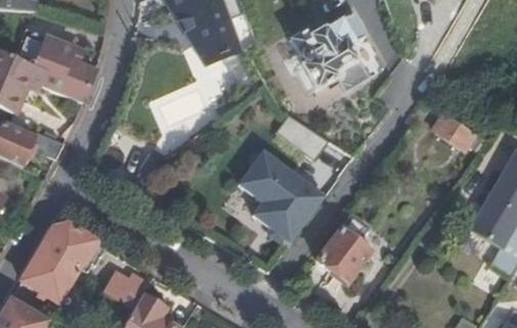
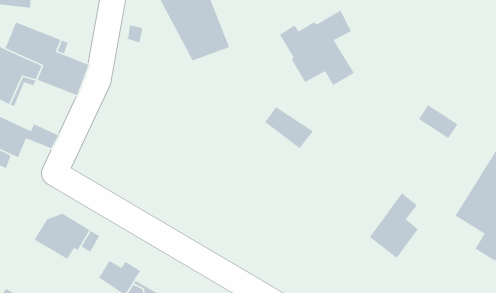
building: [234,149,325,244] -> none
building: [318,211,370,280] -> [369,192,419,259]
building: [24,250,74,298] -> none

